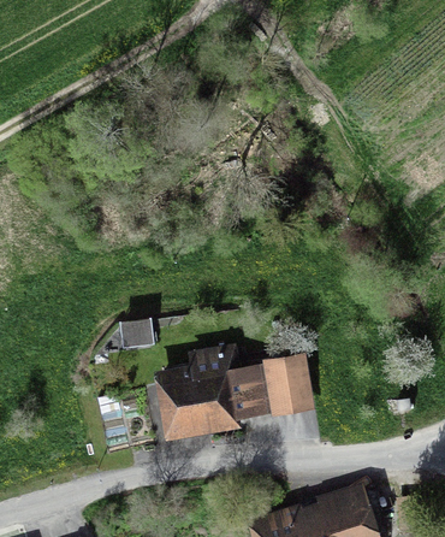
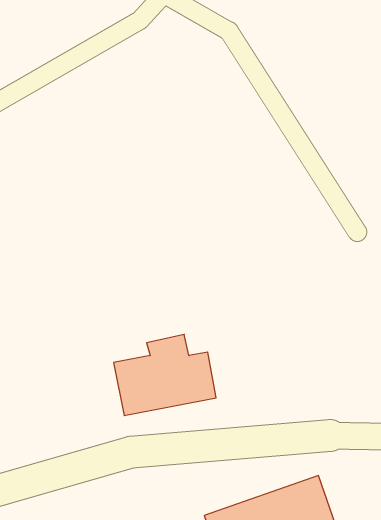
building: [269,356,305,406] -> none

